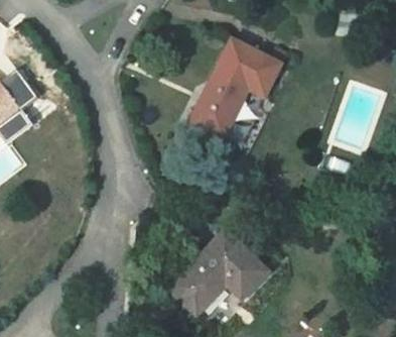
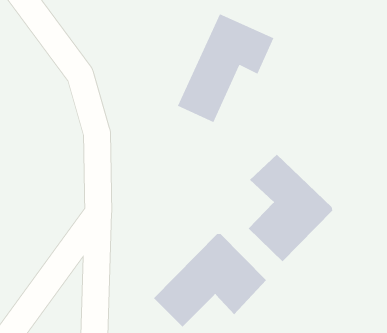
building: none -> [248,154,333,262]

